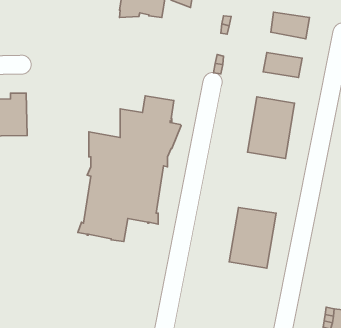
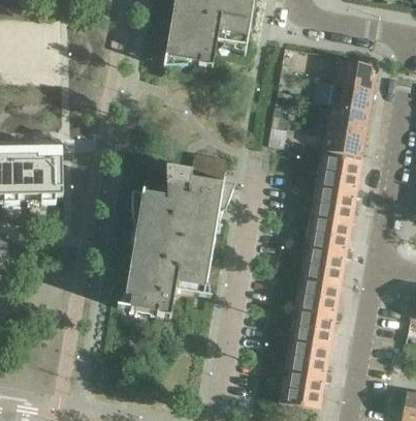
building: none -> [331,77,375,106]
building: none -> [323,121,366,151]
building: none -> [299,211,352,279]
building: none -> [279,334,331,403]

